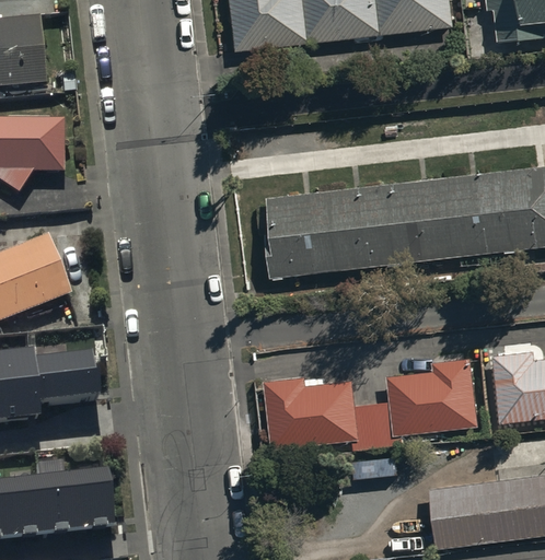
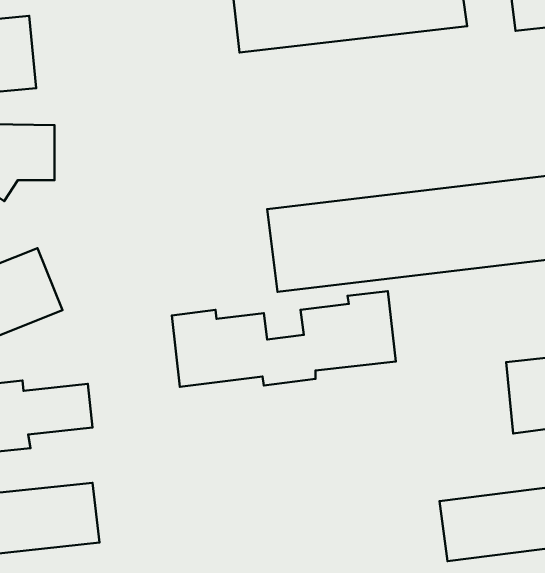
building: [267,359,480,450] -> [172,291,396,387]

